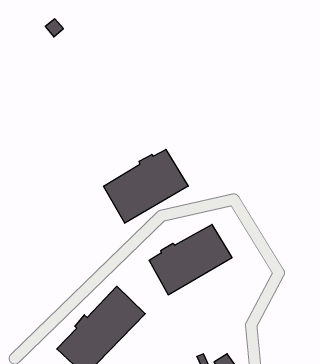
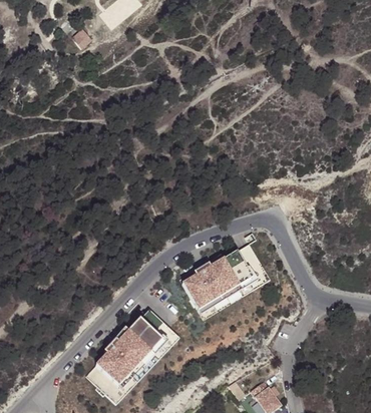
building: [104,149,188,223] -> none

